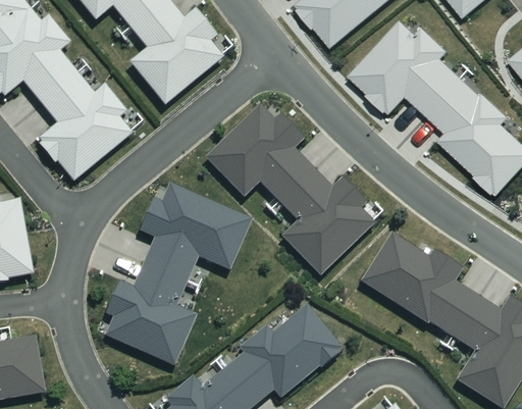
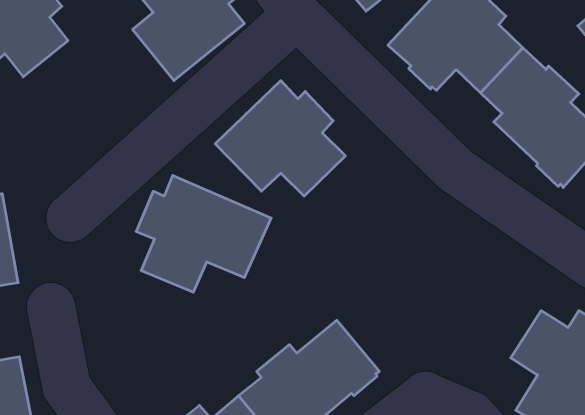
building: [42,70,137,181] -> none
building: [277,167,374,275] -> none
building: [359,233,476,337] -> none
building: [103,263,195,366] -> none

